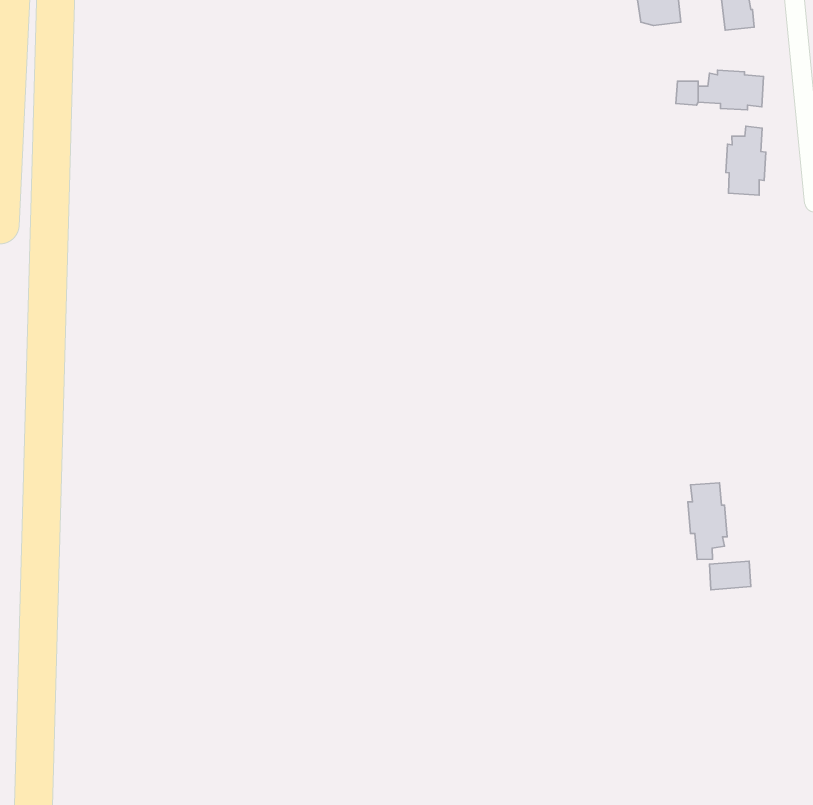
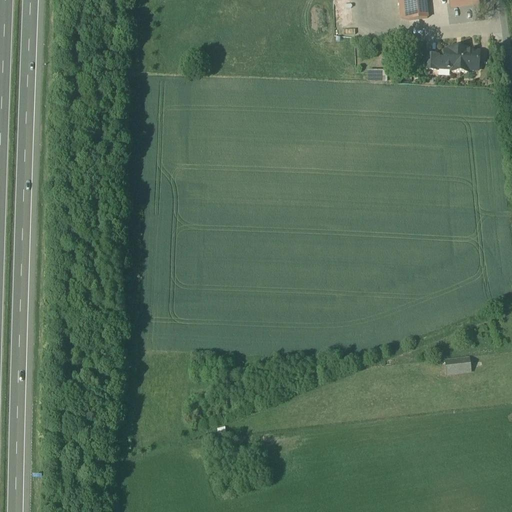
building: [726,126,766,195] -> none
building: [688,483,727,559] -> none

